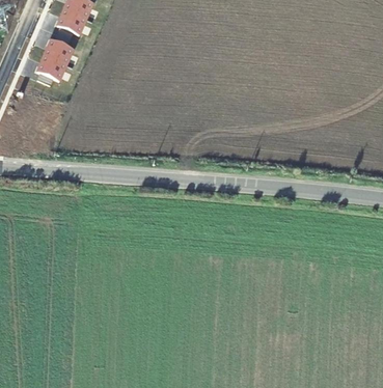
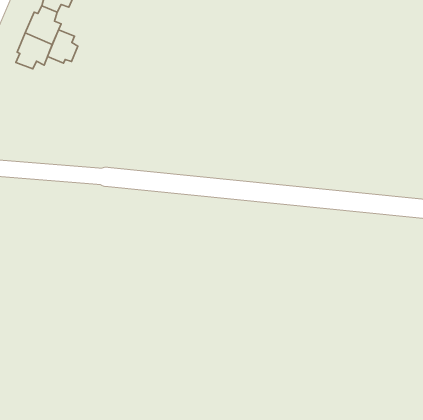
building: none -> [48,30,78,63]

